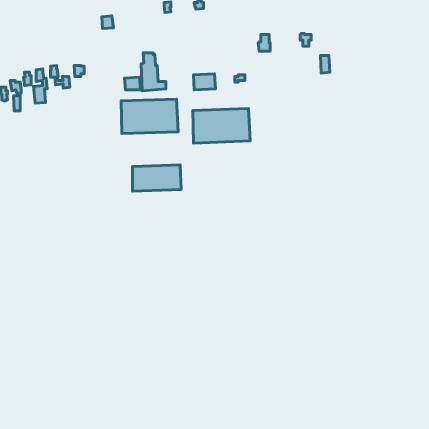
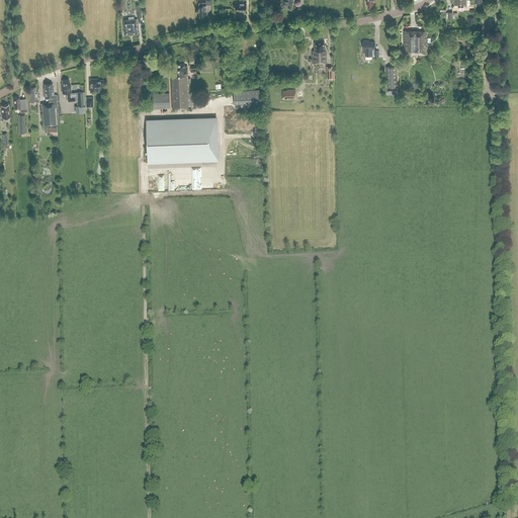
building: none -> [403,31,425,55]
building: [193,108,250,143] -> none
building: [132,165,181,191] -> none

